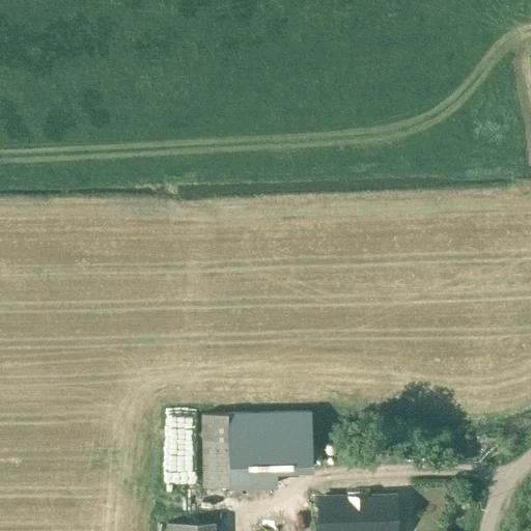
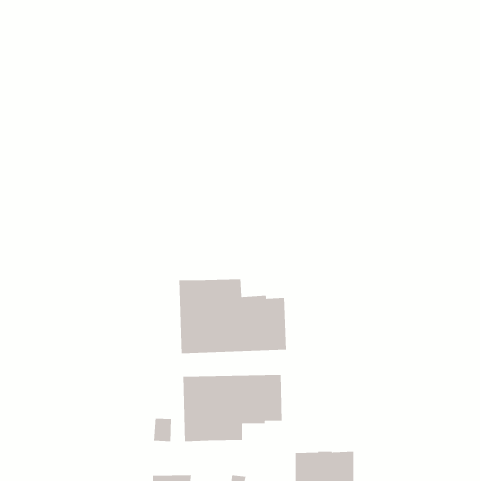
building: none -> [179,278,287,354]

